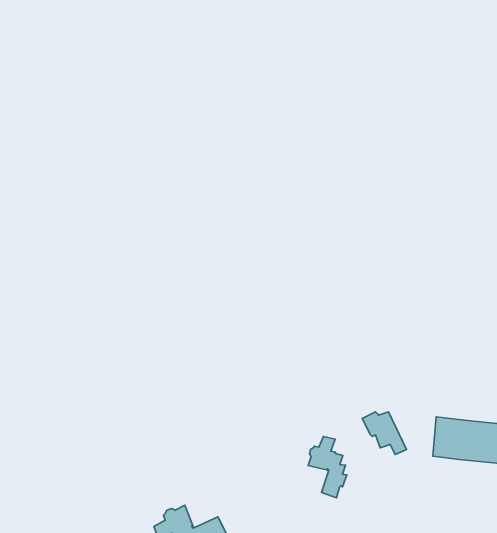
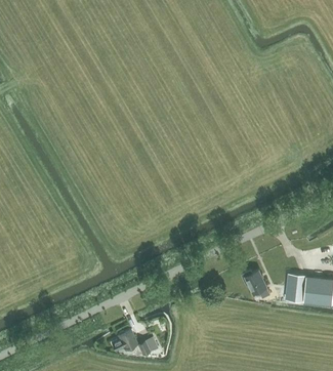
building: [308,436,347,498] -> none

